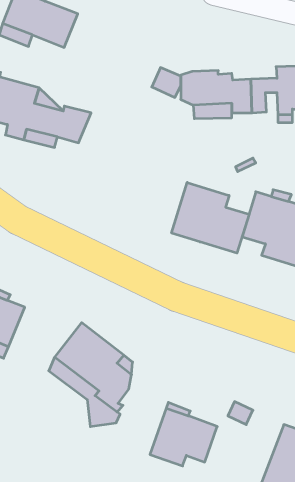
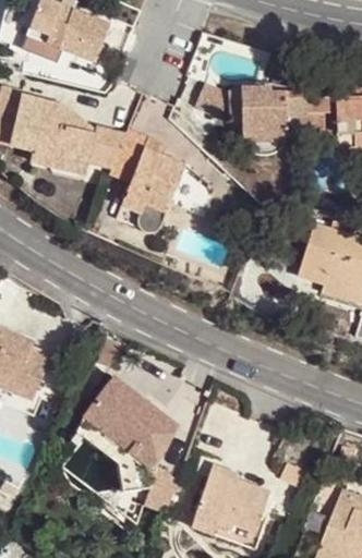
building: none -> [109,130,184,214]
building: [172,182,249,253] -> none

